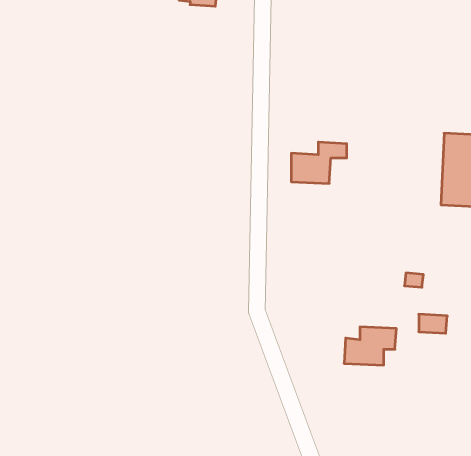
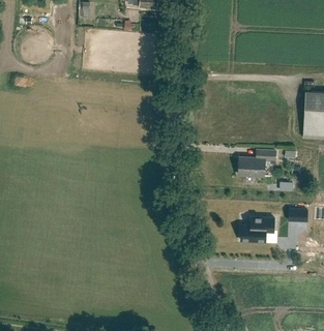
building: [291,142,347,183] -> [239,150,275,177]

